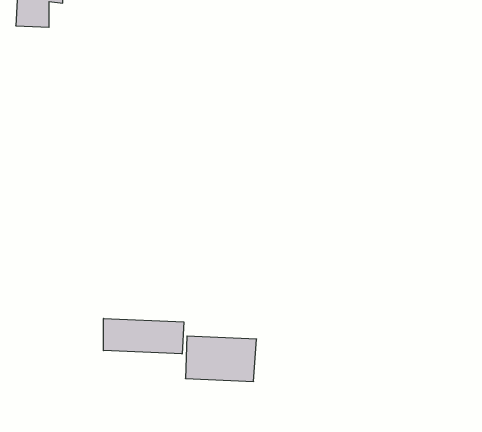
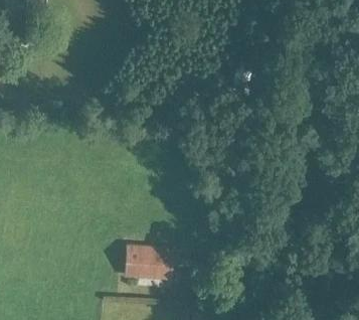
building: [103,318,184,354] -> none

